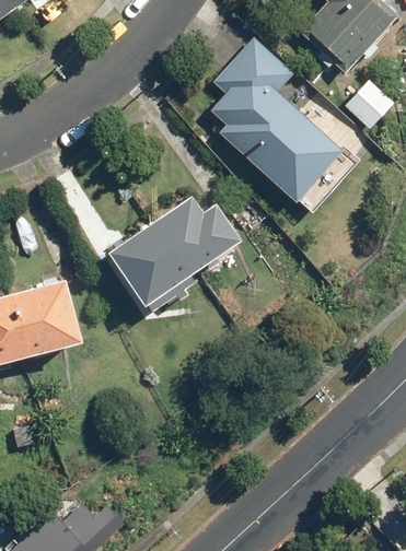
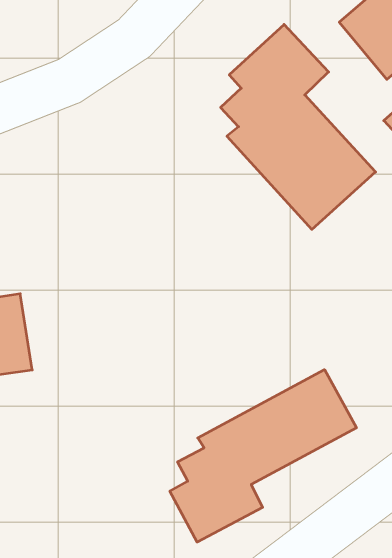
building: [106,197,239,312] -> none
building: none -> [170,370,356,542]

